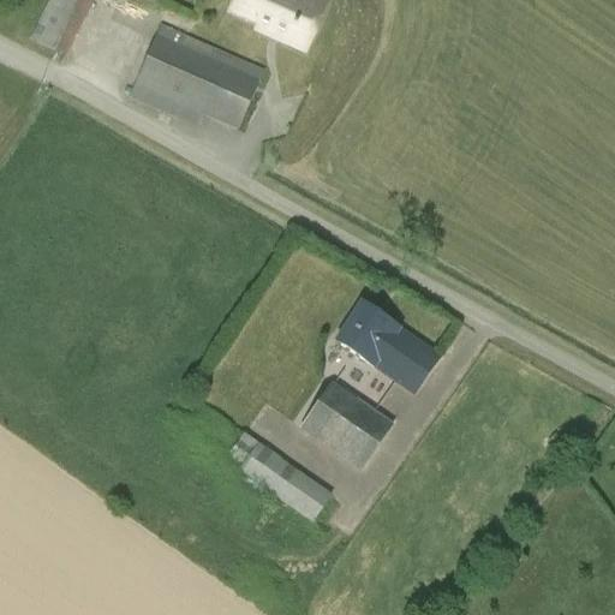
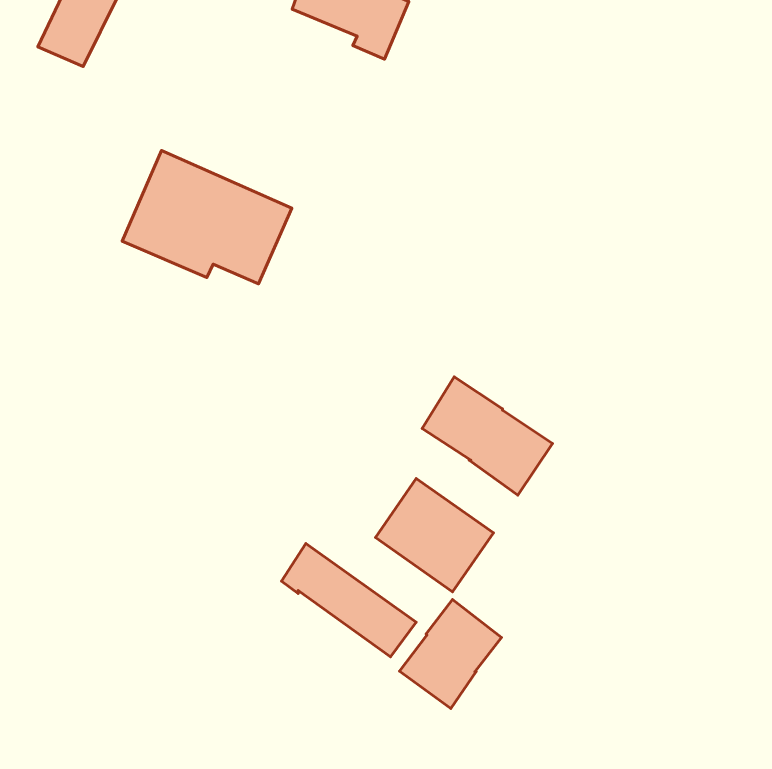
building: [130,22,264,127] -> [122,150,292,284]
building: none -> [400,600,501,709]

